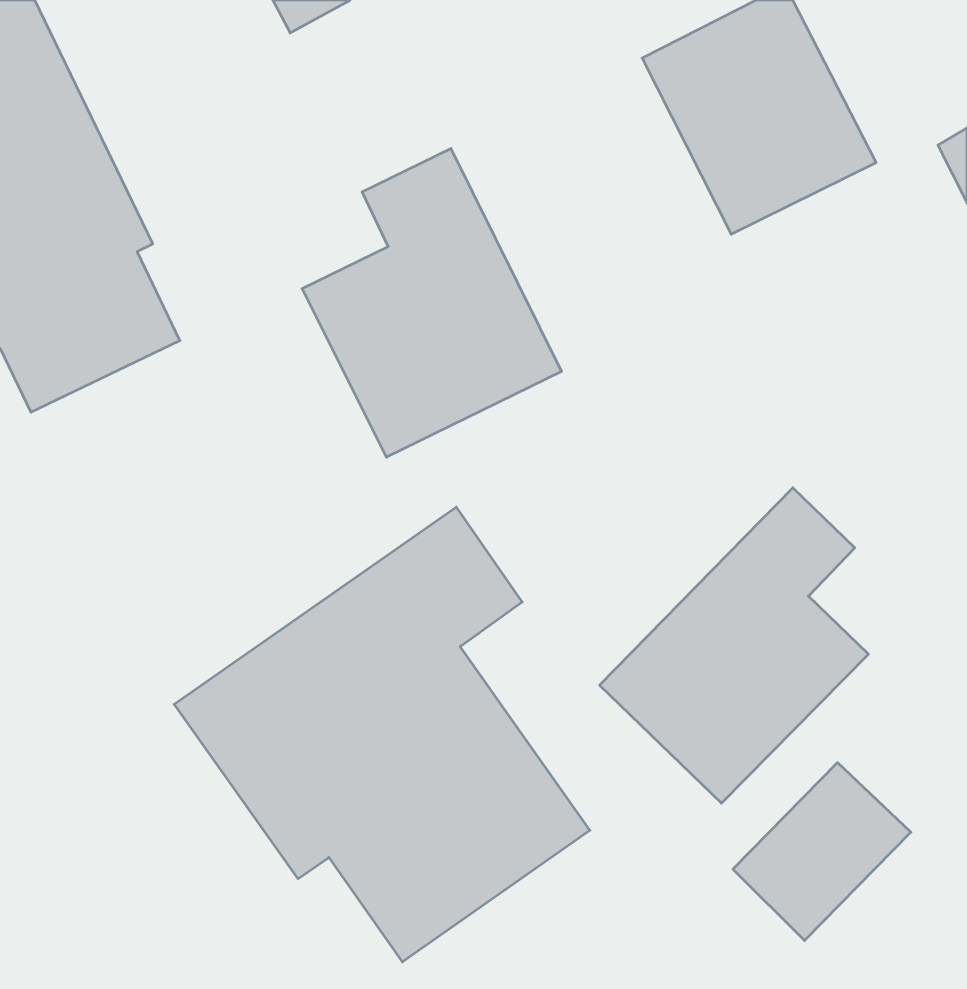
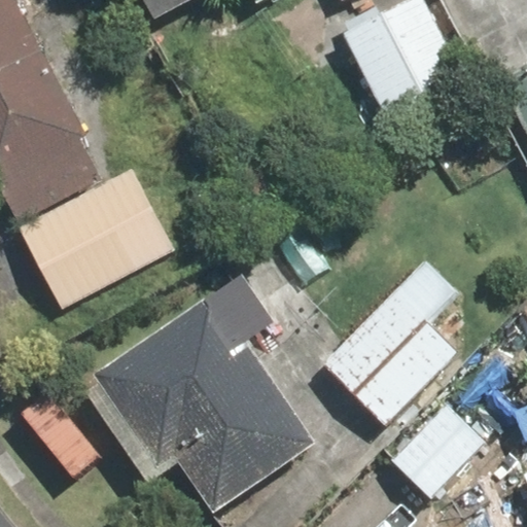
building: [302,148,561,457] -> none
building: none -> [15,167,174,307]

